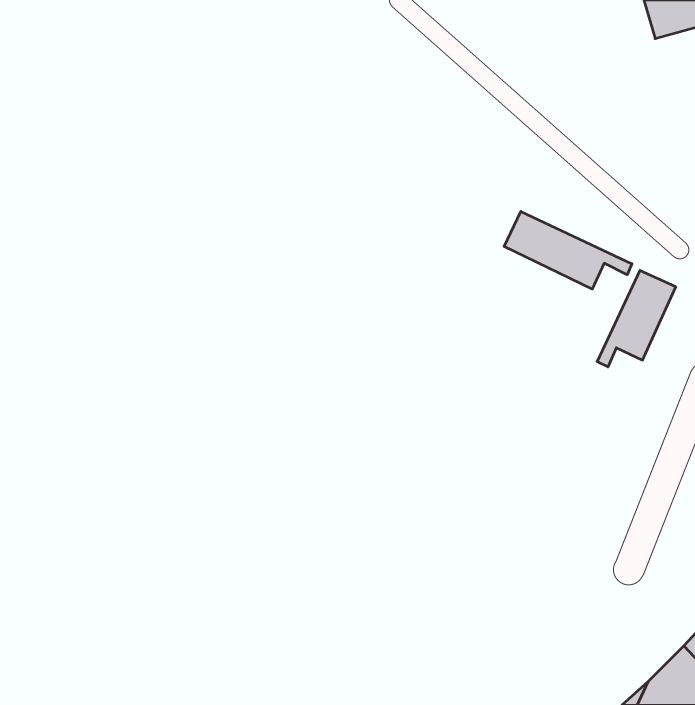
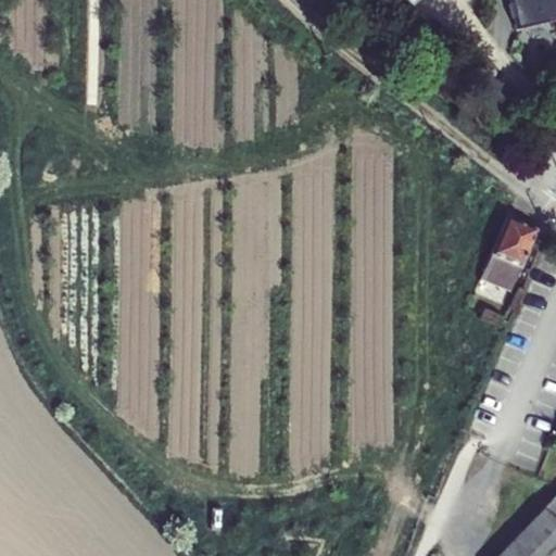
building: [504,211,632,289] -> none

